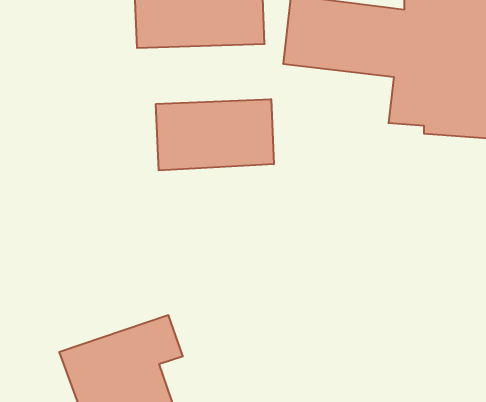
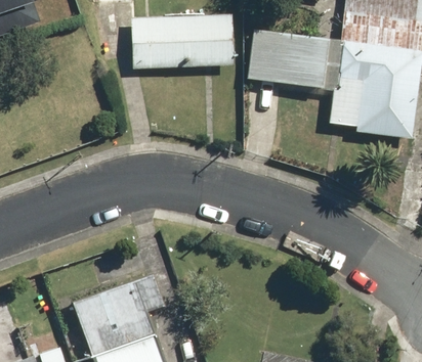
building: [156,99,274,170] -> none

